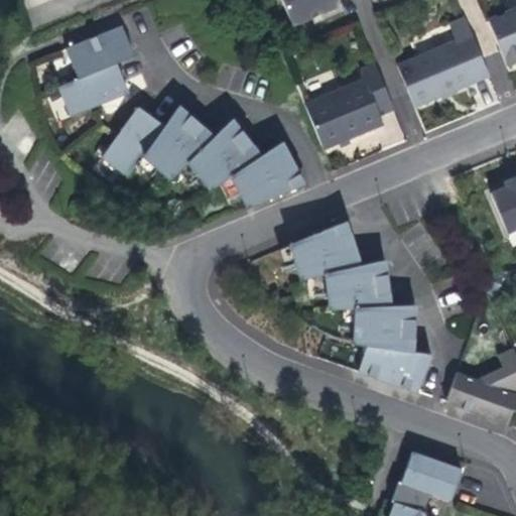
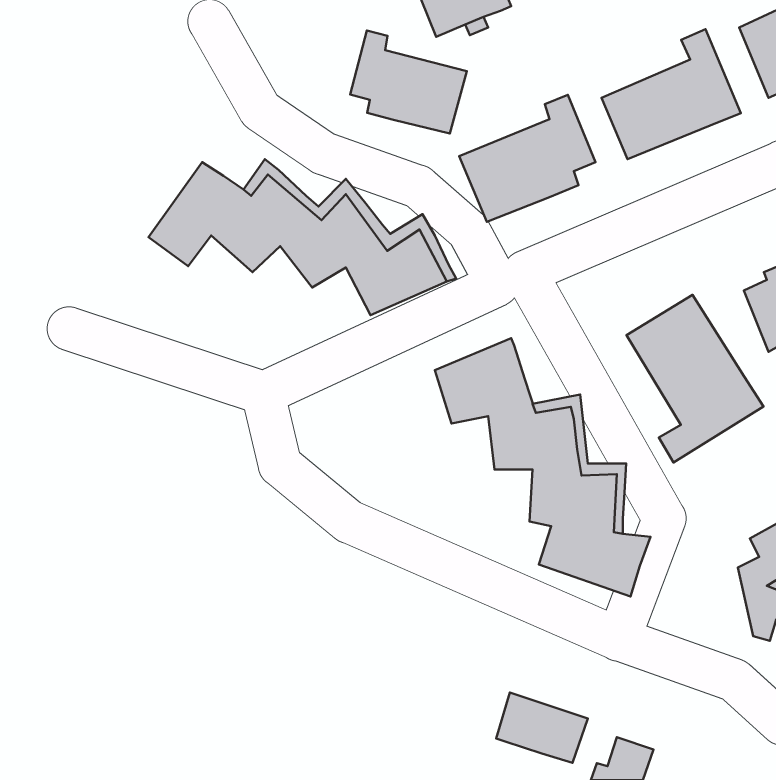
building: none -> [350,31,467,134]
building: [58,25,134,116] -> none
building: none -> [627,295,764,462]
building: [446,372,500,419] -> none
building: [404,454,465,500] -> [496,692,588,763]

